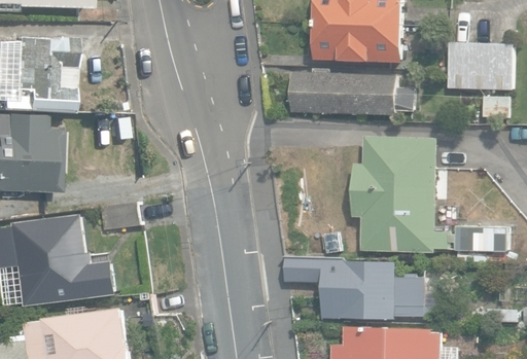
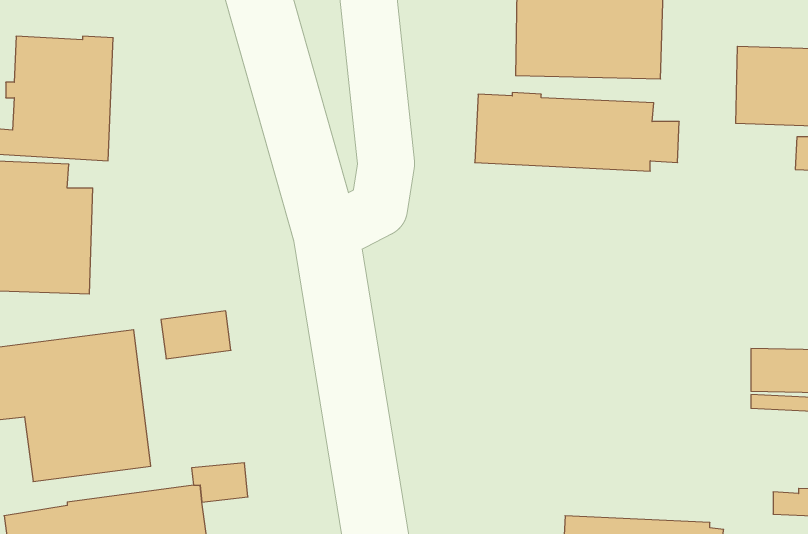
building: [350,134,449,253] -> none
building: [282,257,423,320] -> none

